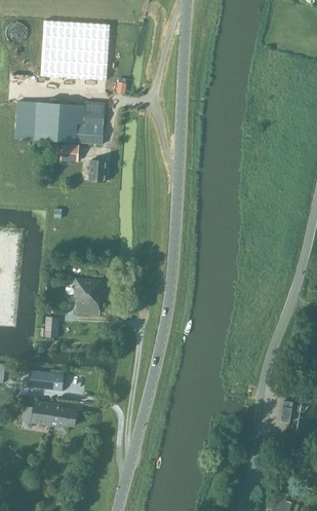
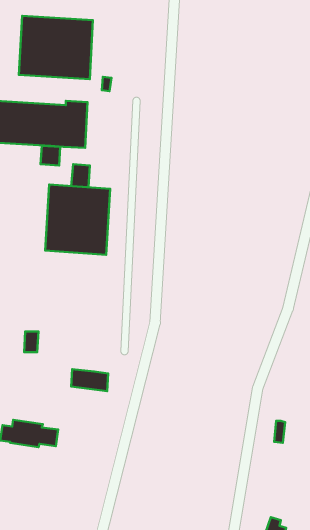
building: none -> [45,185,110,255]
building: [74,279,101,315] -> none
building: [28,370,63,391] -> [71,369,108,391]

